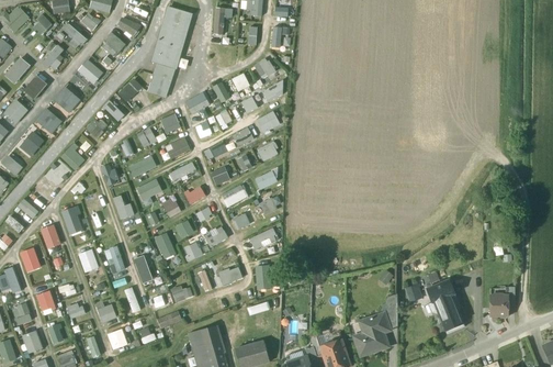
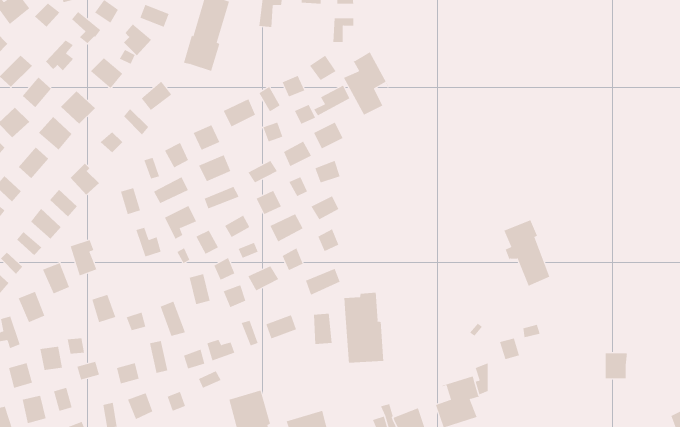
building: none -> [343,51,389,116]
building: [147,65,173,98] -> none
building: none -> [344,292,384,363]
building: [426,281,463,335] -> [504,219,550,286]

